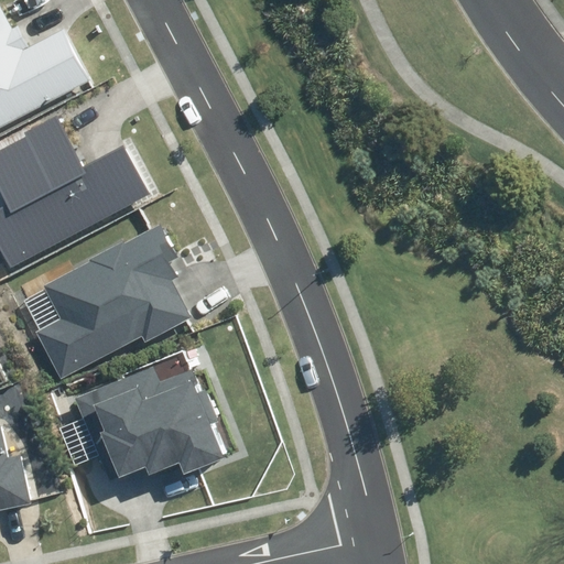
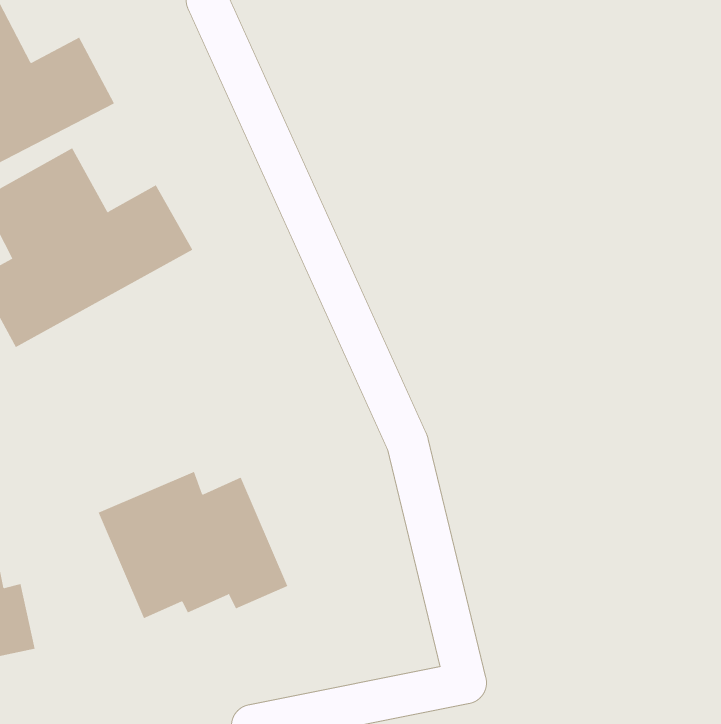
building: [32,226,191,380] -> none

